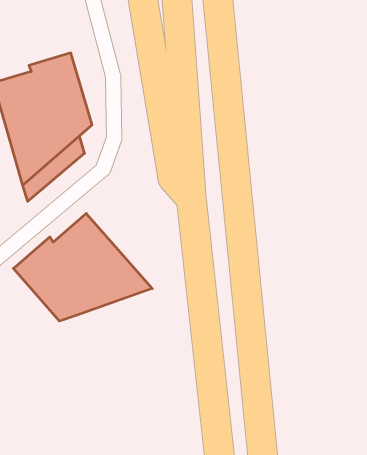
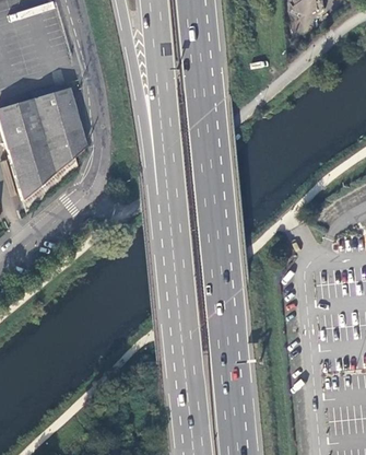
building: [13,213,152,321] -> none

